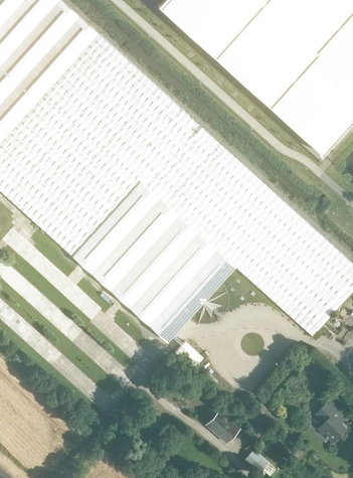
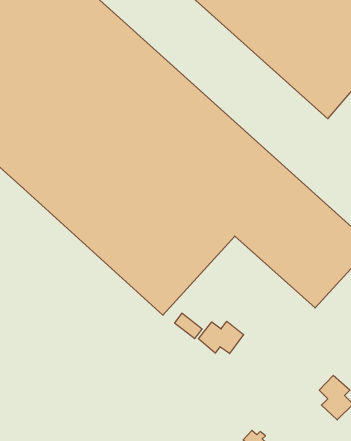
building: none -> [198,321,244,354]
building: [204,410,239,444] -> none

